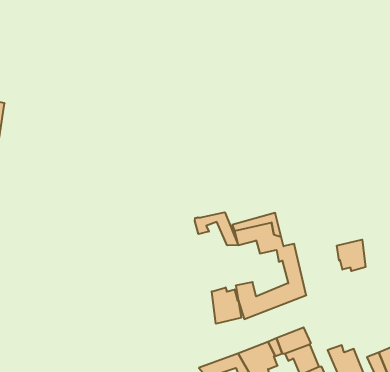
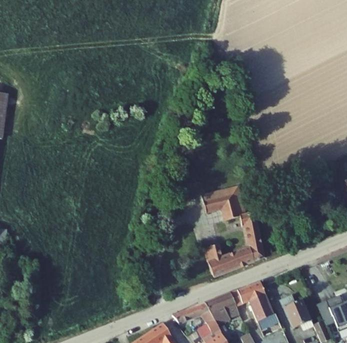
building: [195,212,238,245] -> none
building: [337,240,365,271] -> none
building: [212,287,241,324] -> none

